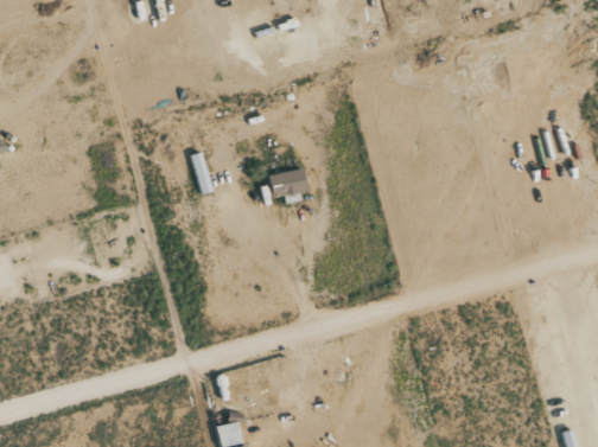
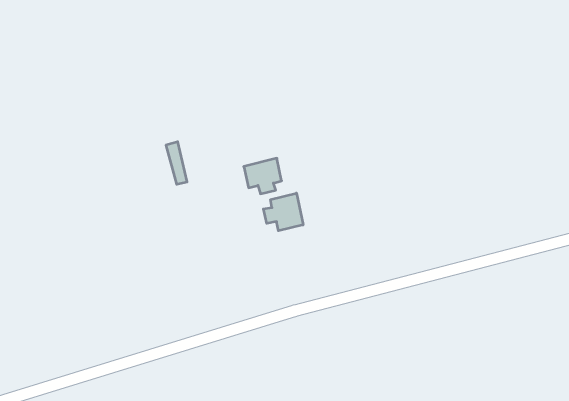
building: none -> [263,193,303,231]

